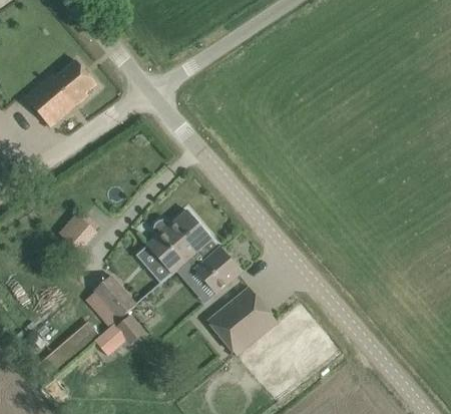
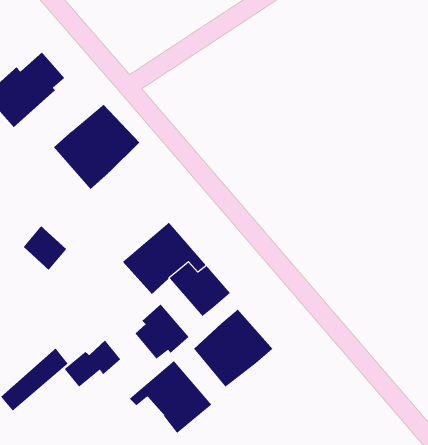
building: none -> [53,104,140,190]
building: [86,275,134,324] -> [135,304,189,360]
building: none -> [129,360,212,434]

